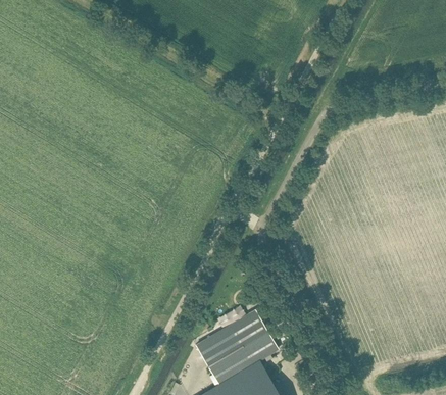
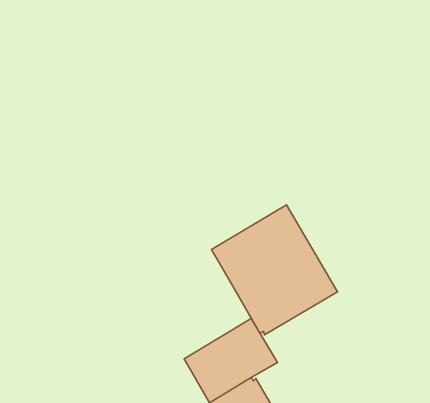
building: none -> [212,205,337,335]

